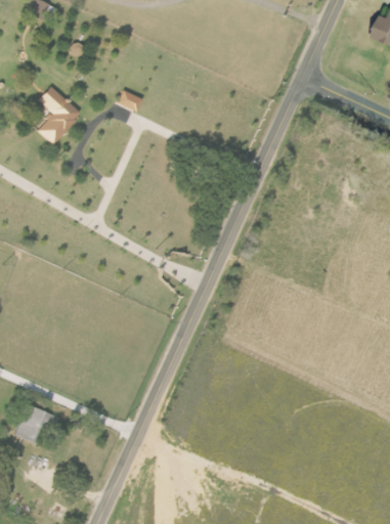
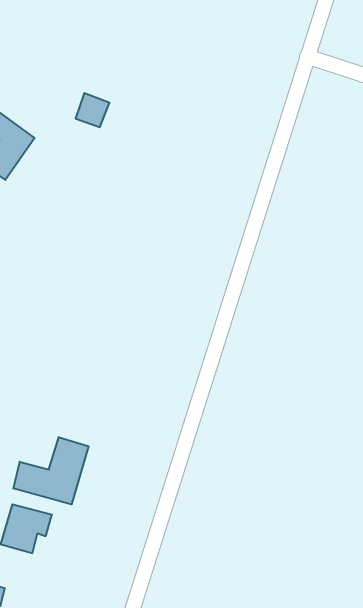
building: none -> [13,437,89,504]

